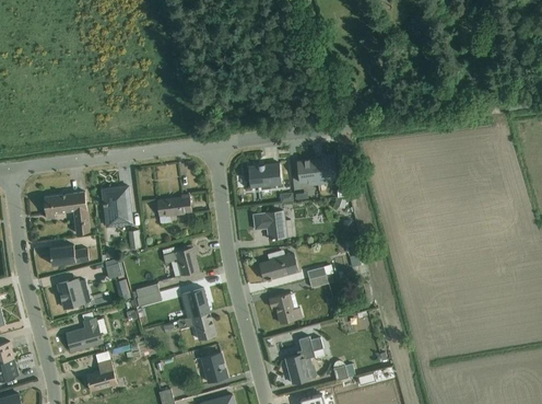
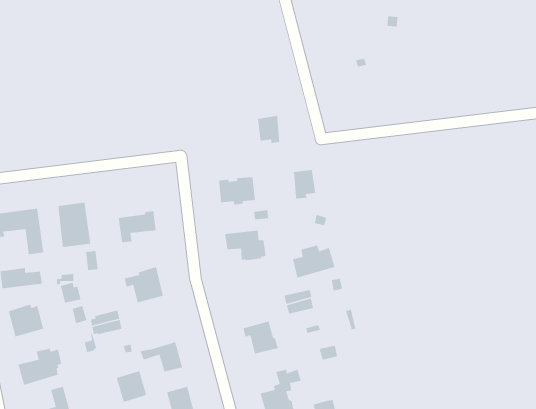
building: [296,159,317,185] -> [257,115,280,144]
building: [259,251,298,281] -> [292,244,336,278]
building: [180,289,209,319] -> [116,370,147,403]

